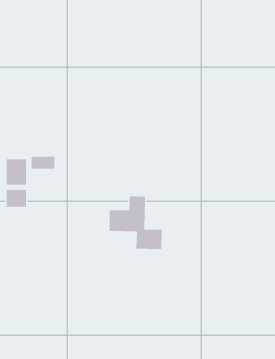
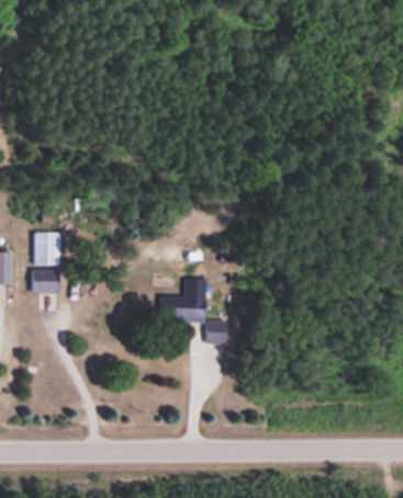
building: [31,156,55,169] -> none

